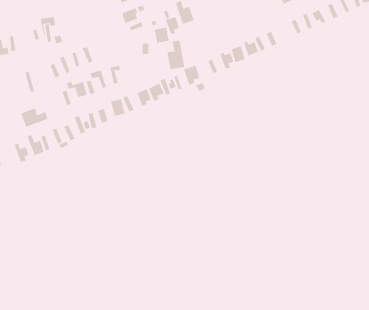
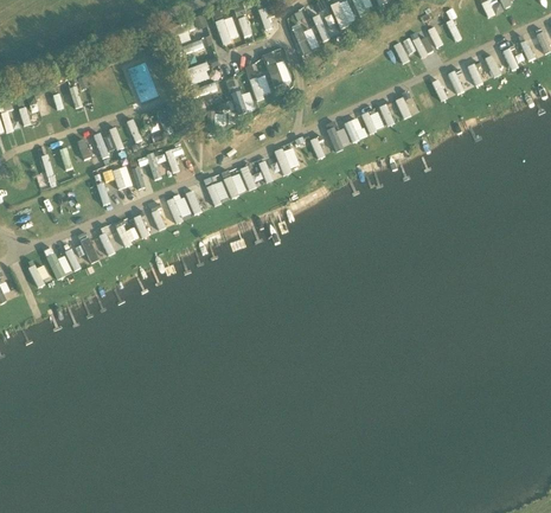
building: [167,40,185,70] -> none
building: [21,107,48,128] -> none

